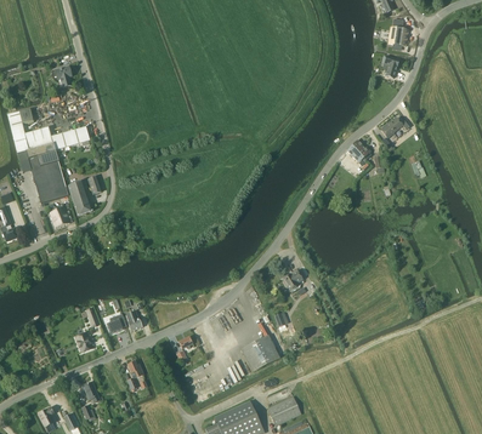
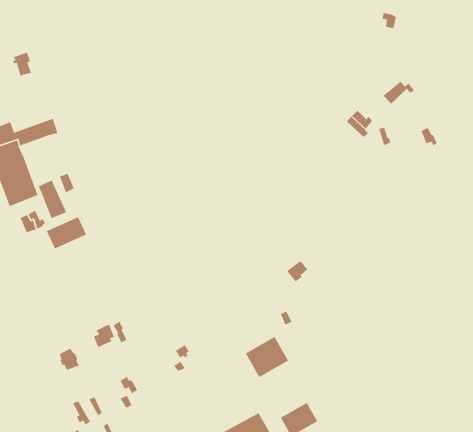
building: none -> [46,216,87,250]

